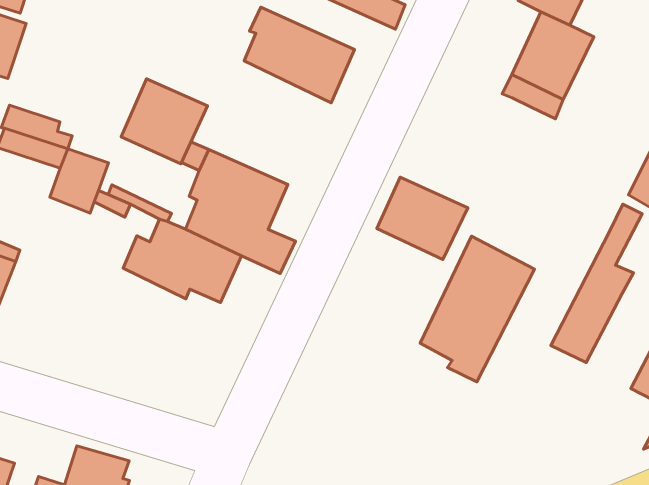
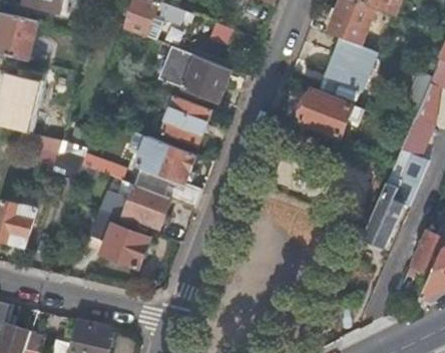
building: [121,79,208,164] -> [161,95,212,145]
building: [377,177,468,259] -> [301,89,355,137]
building: [420,236,534,382] -> none
building: none -> [86,211,150,267]

